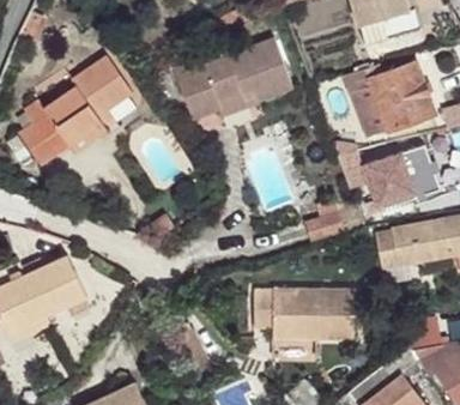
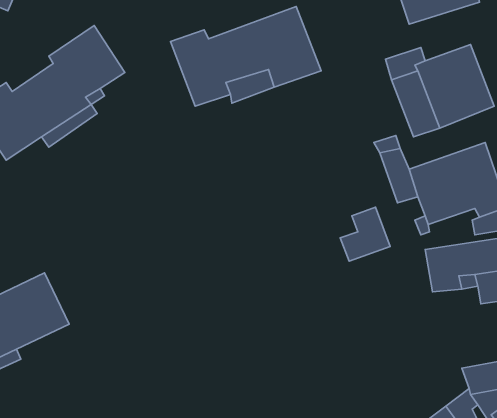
building: [256,288,358,339] -> none

